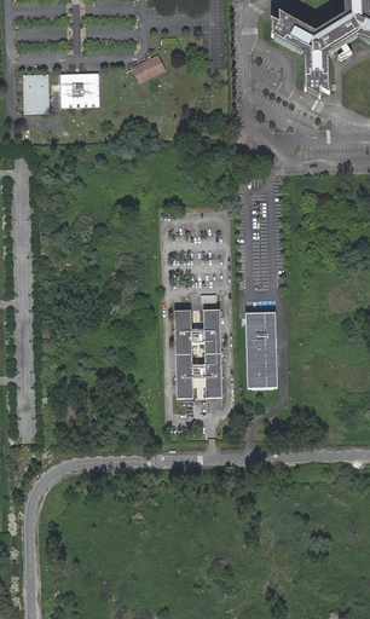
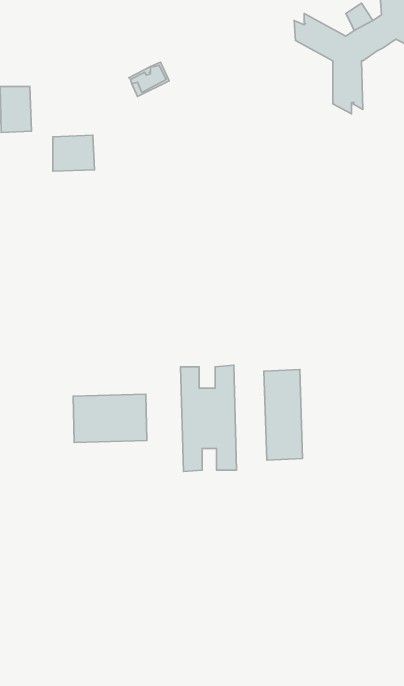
building: [59,71,94,102] -> [53,135,94,171]
building: none -> [73,394,147,443]

